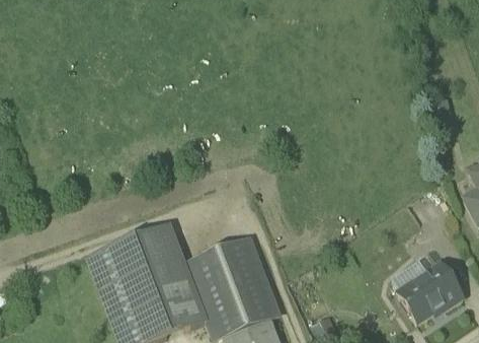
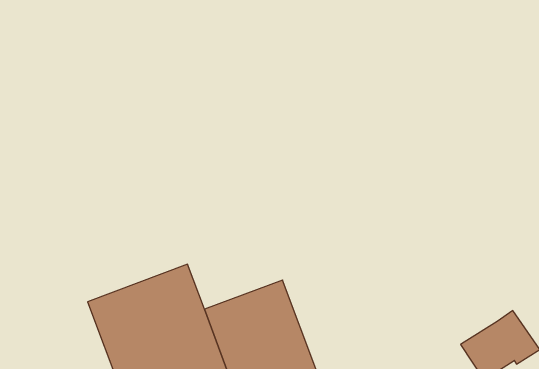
building: [392,259,428,290] -> none

